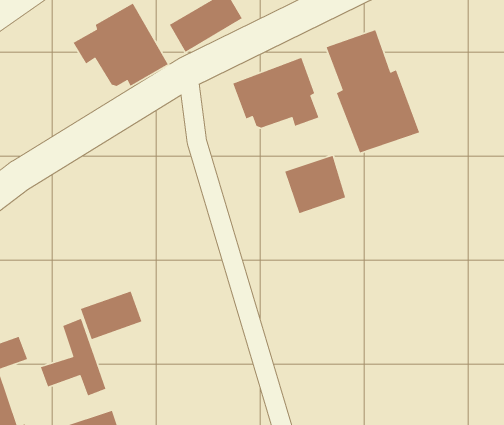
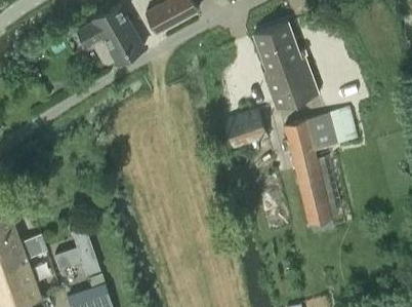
building: [232,57,320,129] -> none
building: none -> [283,109,357,224]
building: [80,290,142,340] -> none

